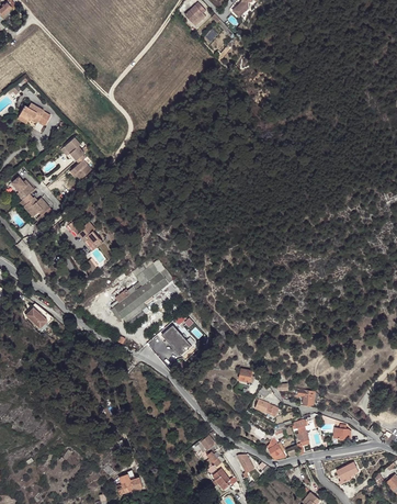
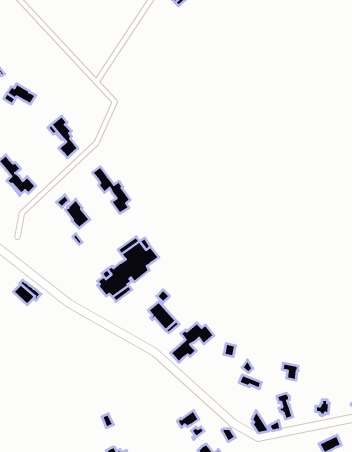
building: none -> [92,167,130,213]
building: none -> [170,323,214,362]

